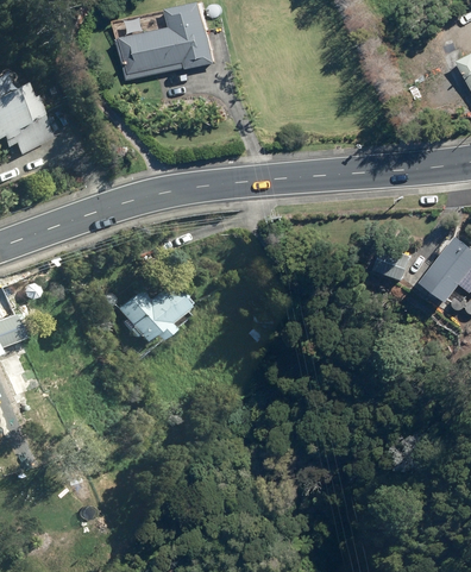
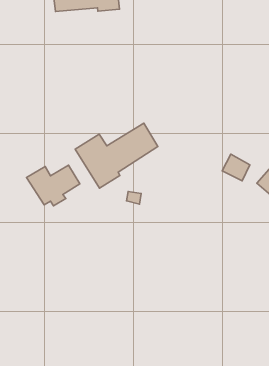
building: none -> [75,123,158,188]

